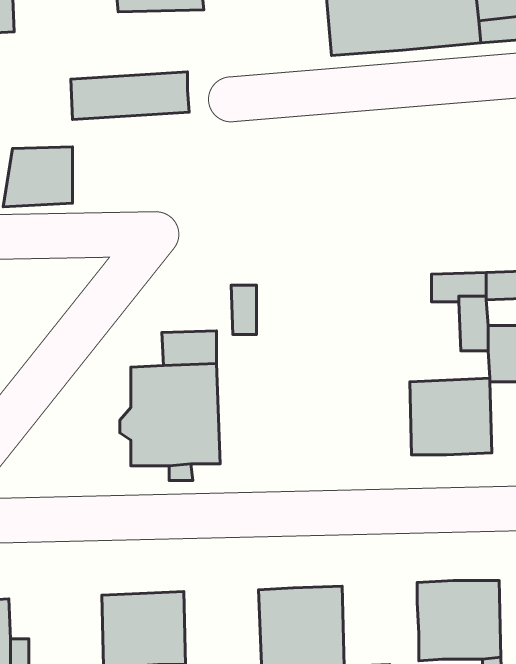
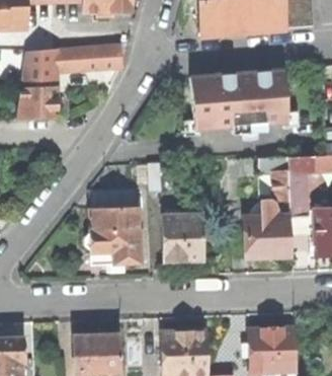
building: none -> [24,50,58,88]
building: none -> [189,70,287,132]
building: none -> [161,215,203,261]

